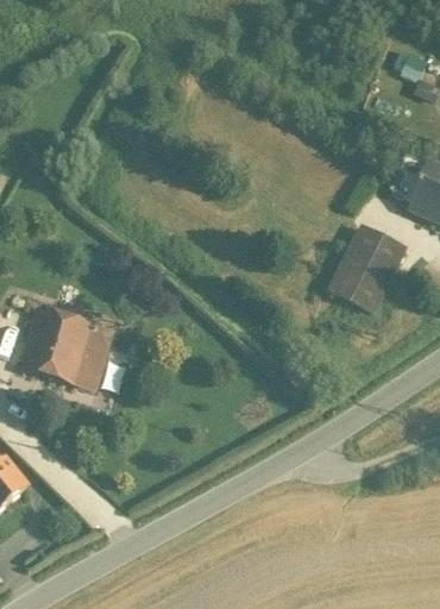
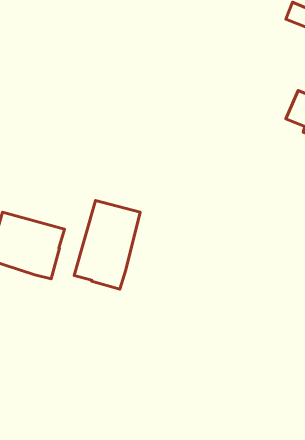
building: [332,227,407,313] -> none
building: none -> [74,201,140,289]

